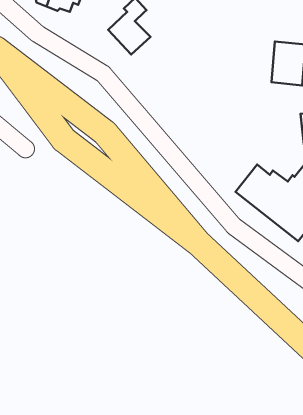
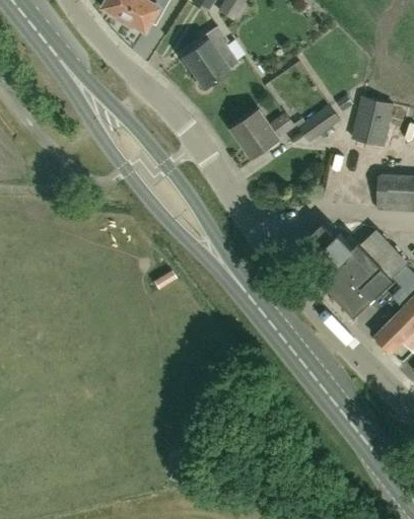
building: none -> [298,103,342,143]
building: none -> [232,108,294,156]

